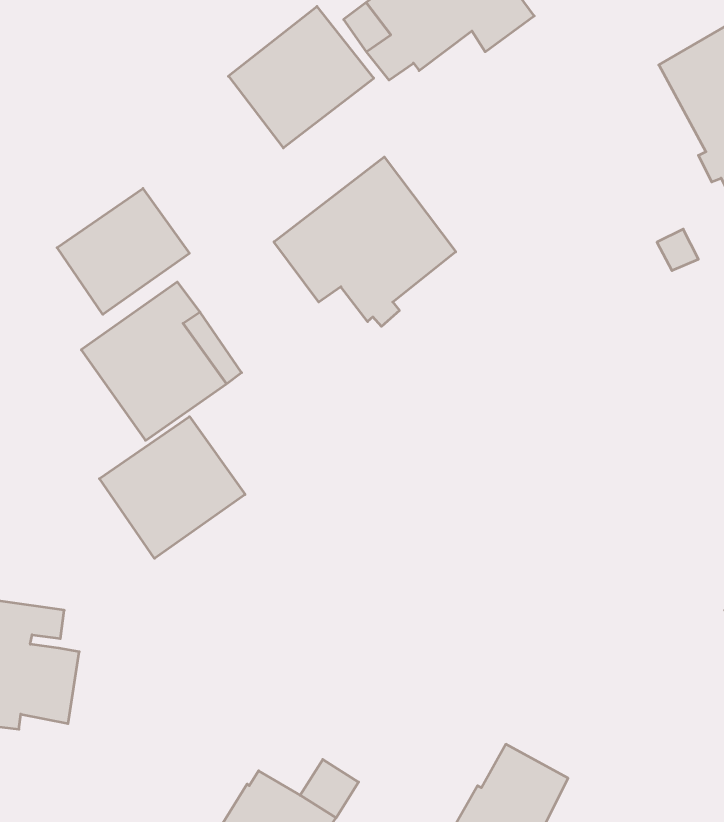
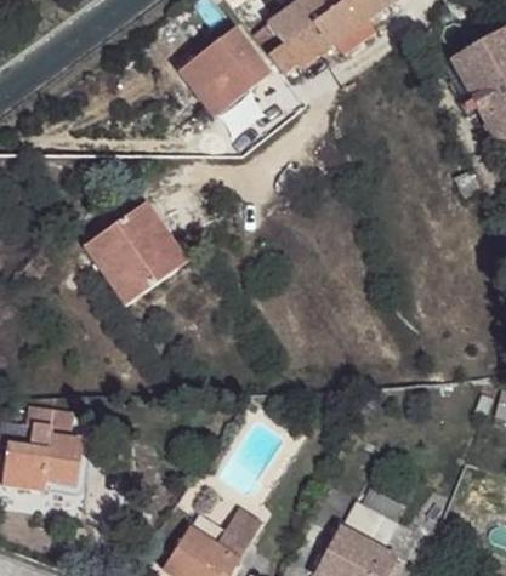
building: [274,157,456,326] -> none
building: [57,188,189,314] -> none
building: [99,417,245,558] -> none

